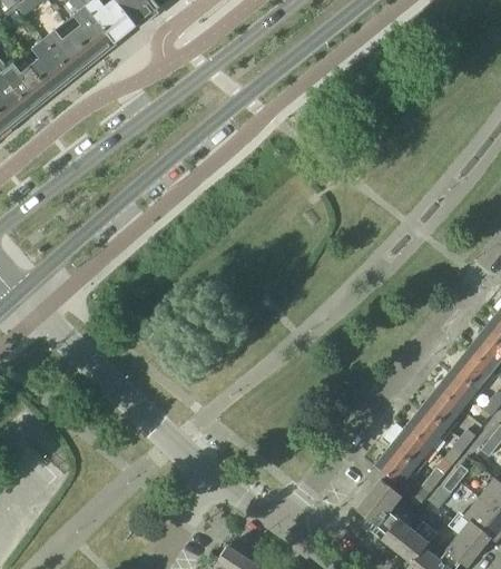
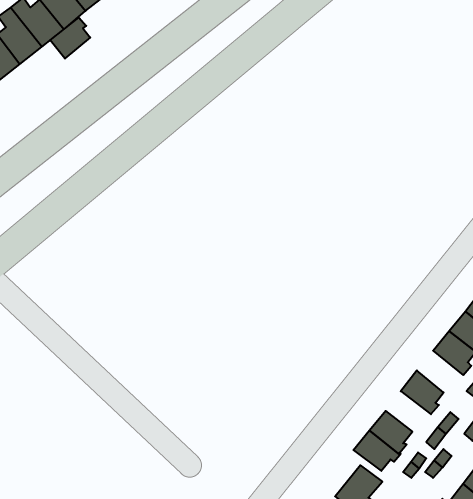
building: none -> [50,18,90,59]
building: [435,370,480,410] -> none
building: [405,409,449,448] -> none

